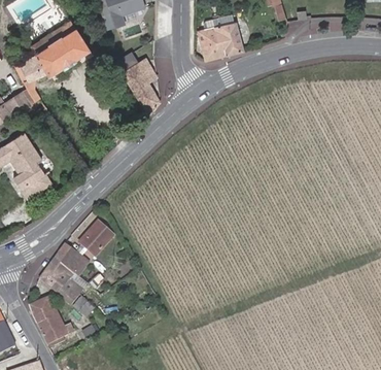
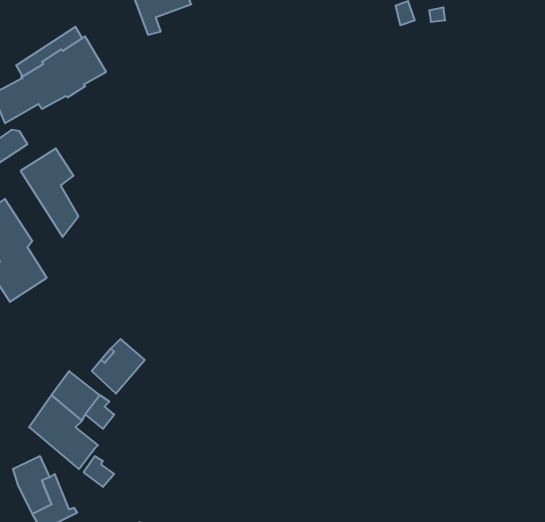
building: [199,22,243,62] -> none
building: [123,58,160,114] -> [21,148,78,237]

